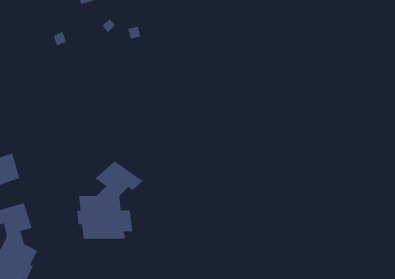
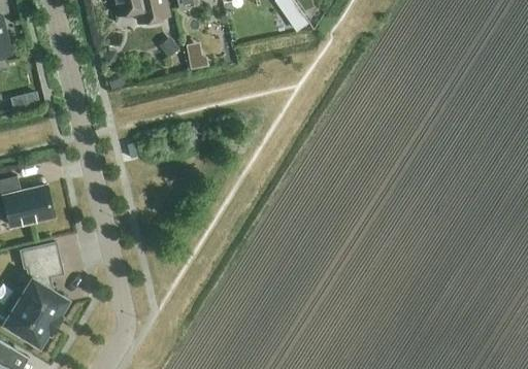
building: [77,161,144,239] -> none

